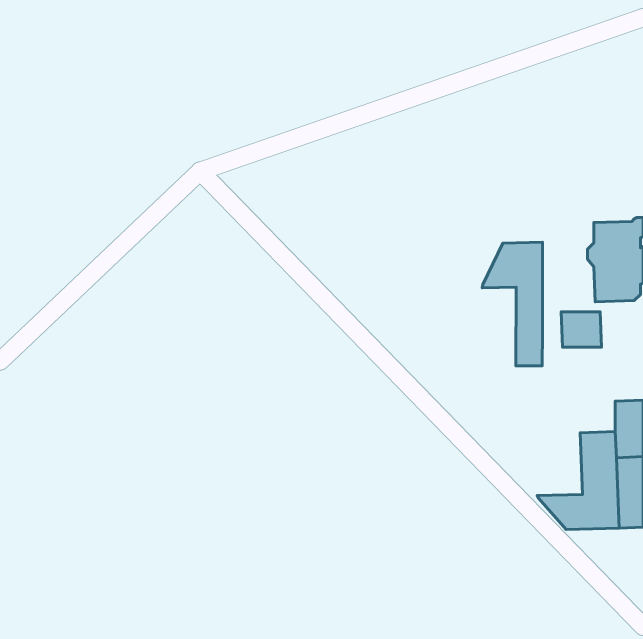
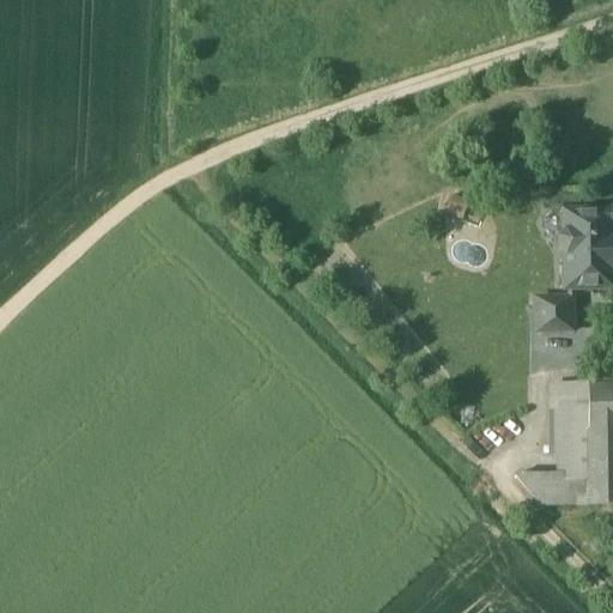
building: [482,242,543,366] -> none
building: none -> [547,382,585,412]

